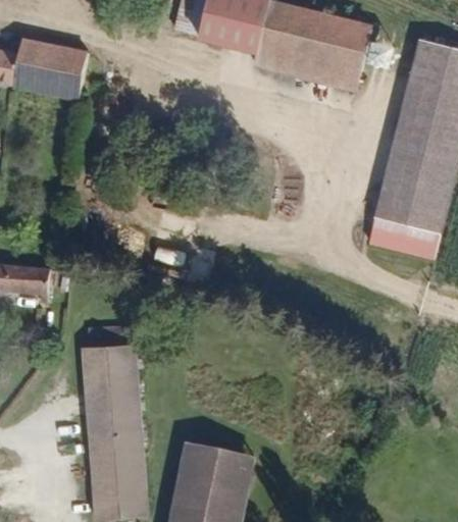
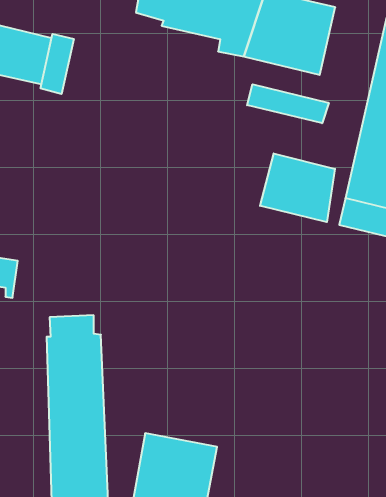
building: none -> [41,34,74,94]
building: none -> [247,84,329,123]
building: none -> [260,153,335,222]

